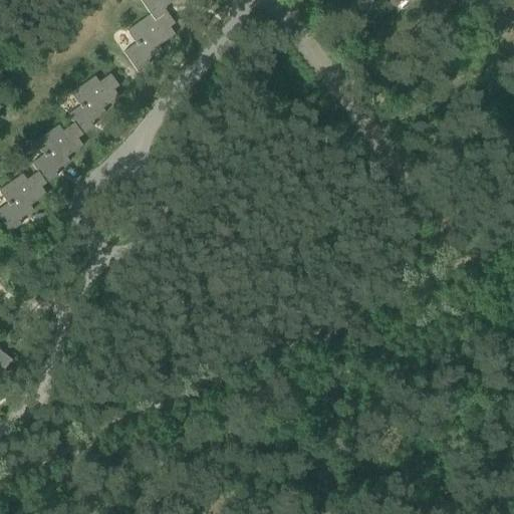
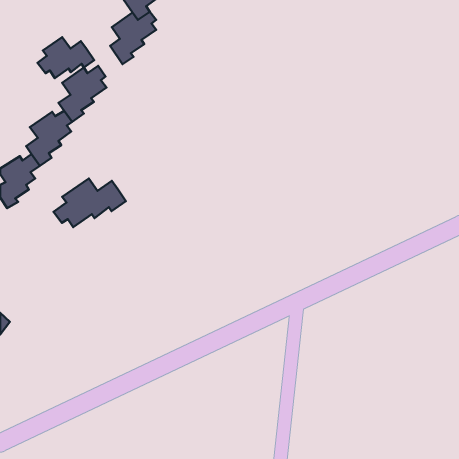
building: none -> [38,37,94,78]
building: none -> [54,178,126,227]

